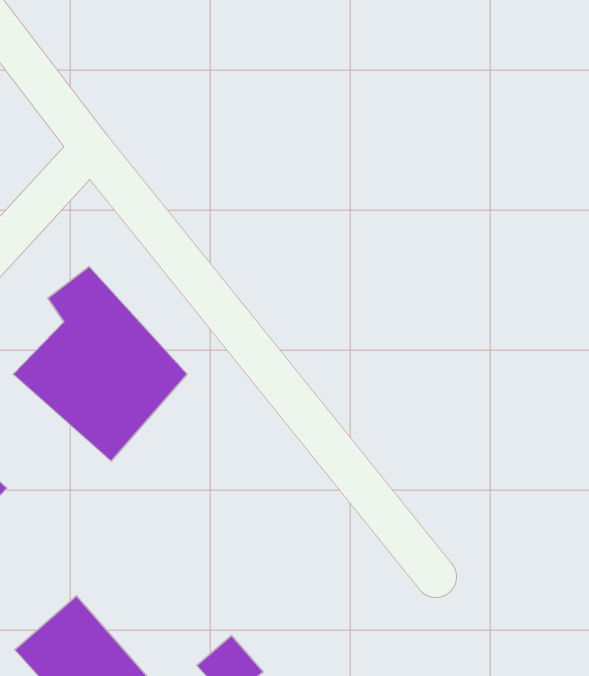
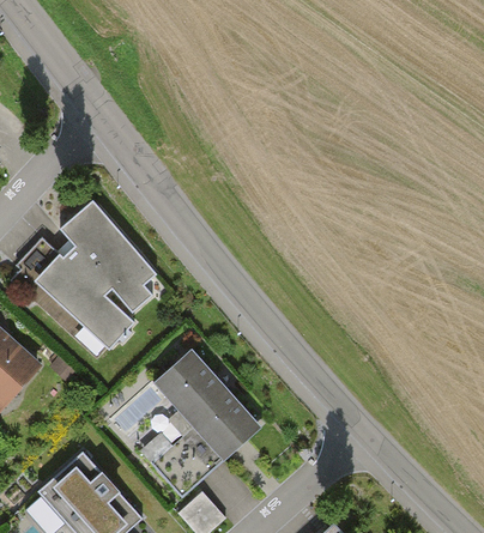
building: none -> [153,349,266,464]

